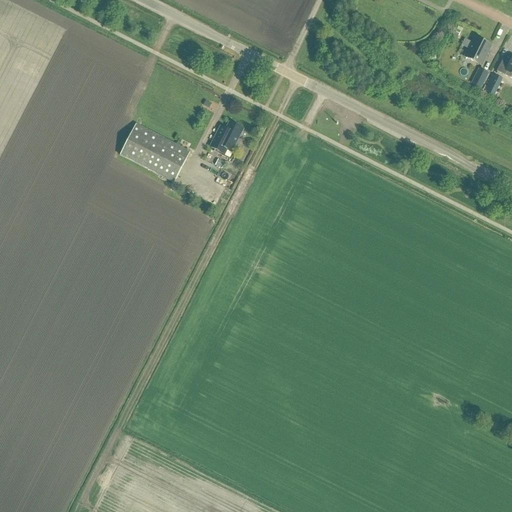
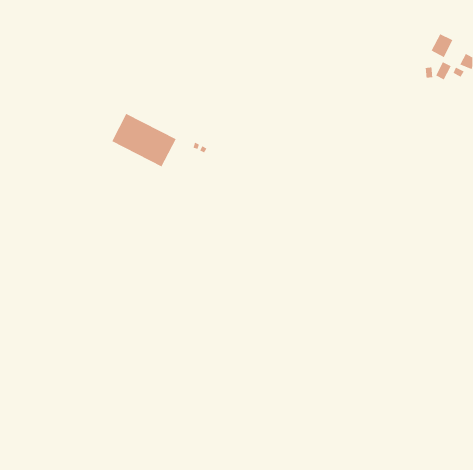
building: [209,121,242,152] -> none

